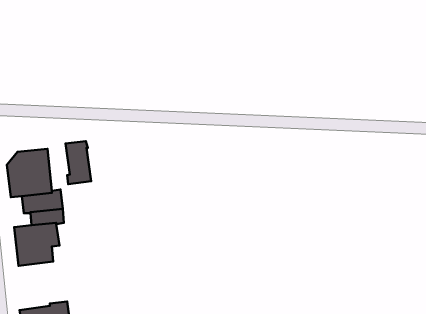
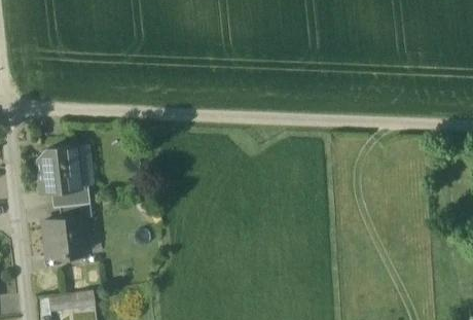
building: [65,141,91,184] -> none

